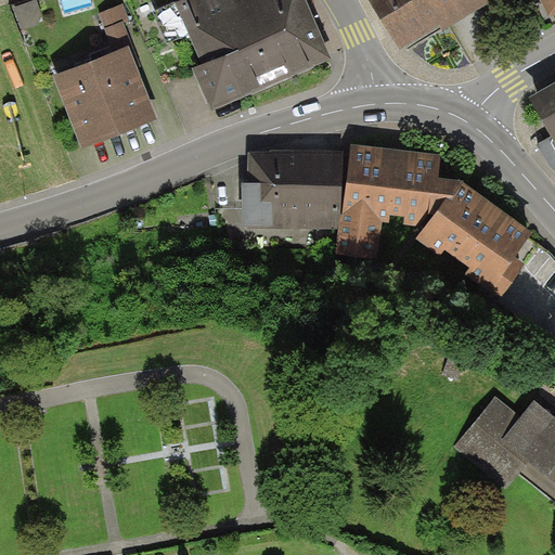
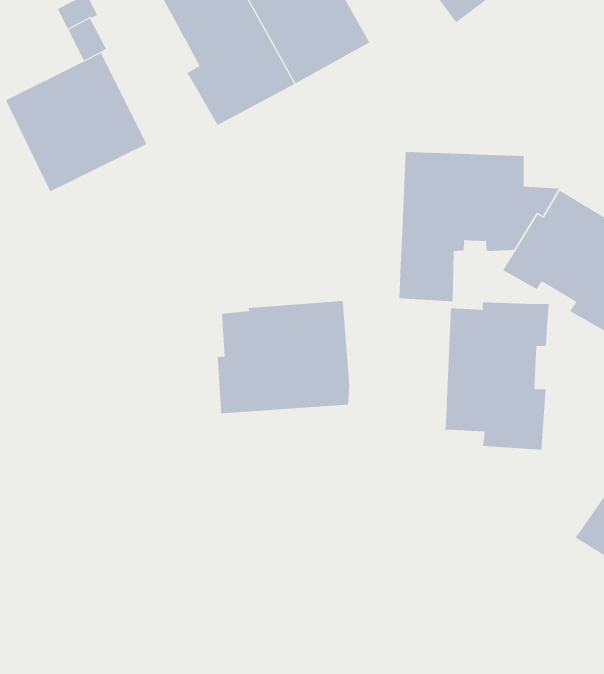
building: [242,149,343,229] -> [217,300,350,414]
building: none -> [445,302,549,450]

